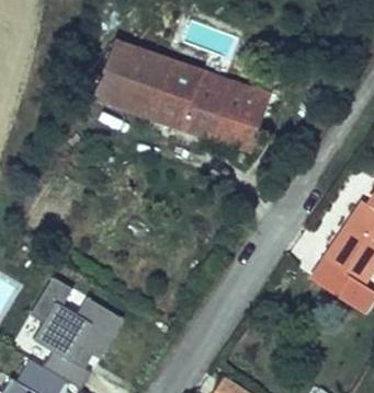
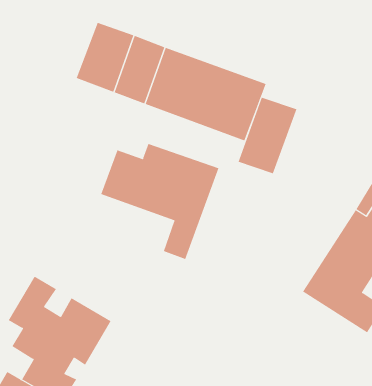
building: none -> [238,97,297,174]
building: none -> [101,143,219,260]

